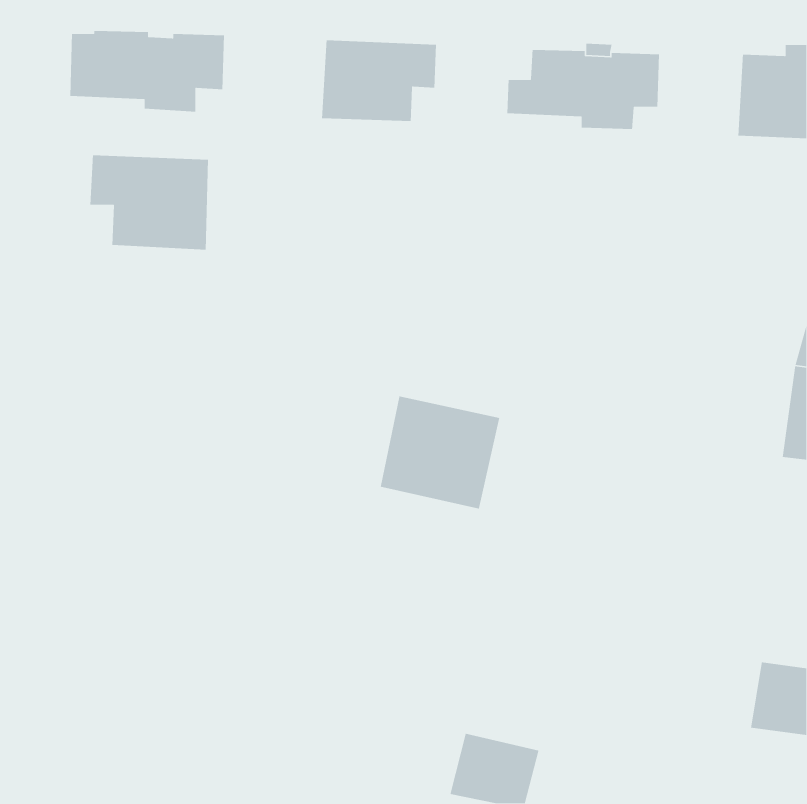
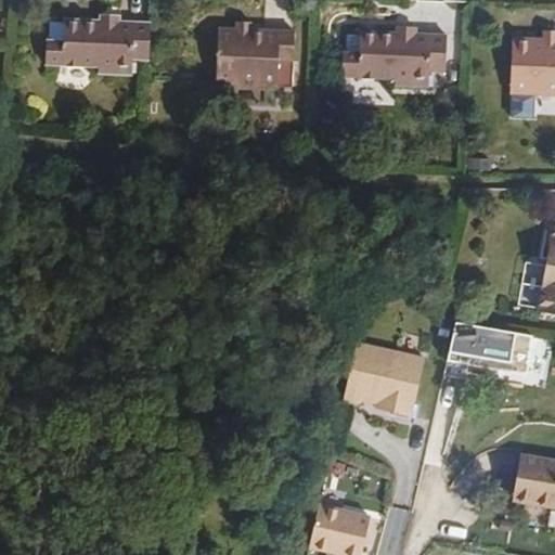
building: [90,154,209,250] -> none
building: [380,395,500,509] -> [345,337,427,415]
building: none -> [448,319,539,374]

